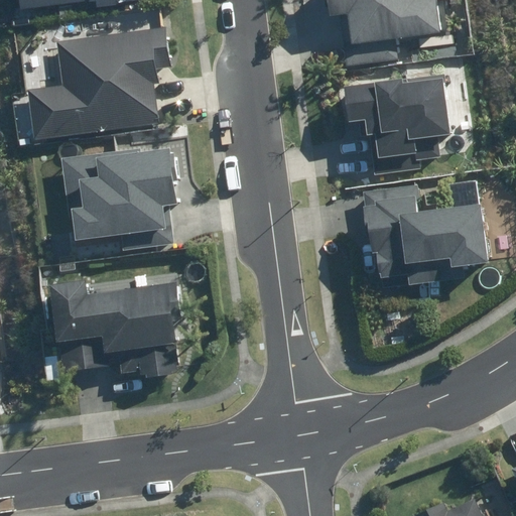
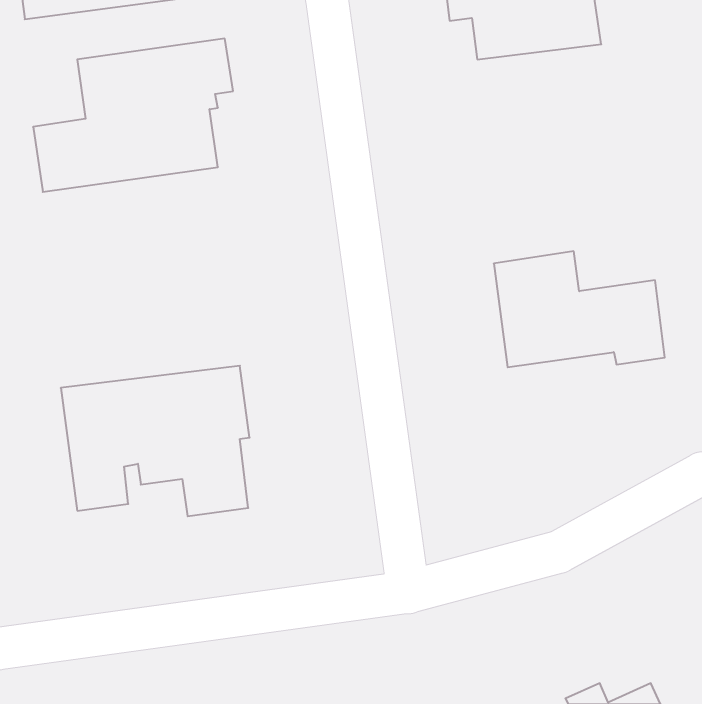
building: [342,79,446,158] -> none
building: [59,142,178,249] -> none

